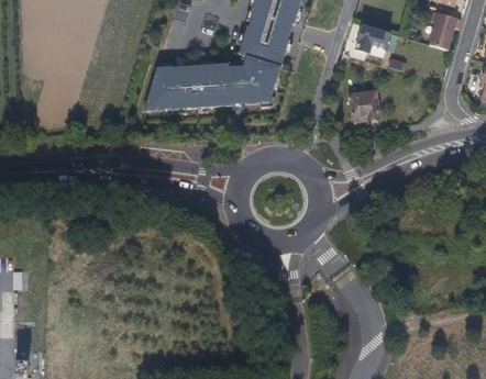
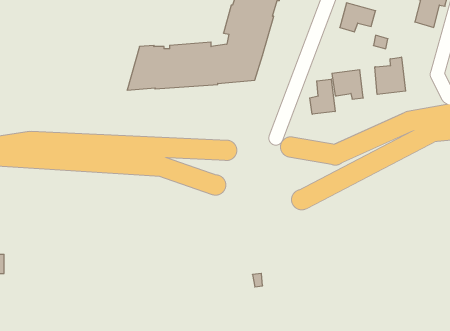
building: none -> [375,57,406,94]
building: none -> [310,79,335,114]

